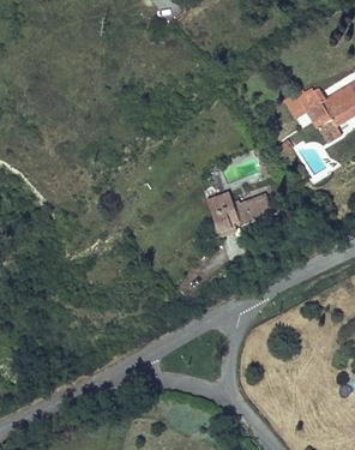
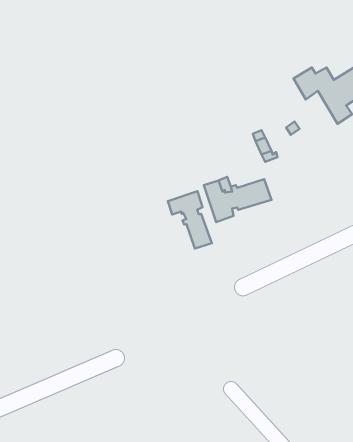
building: none -> [168,191,212,248]

